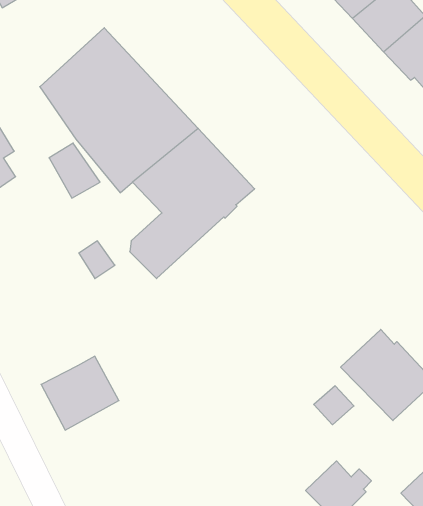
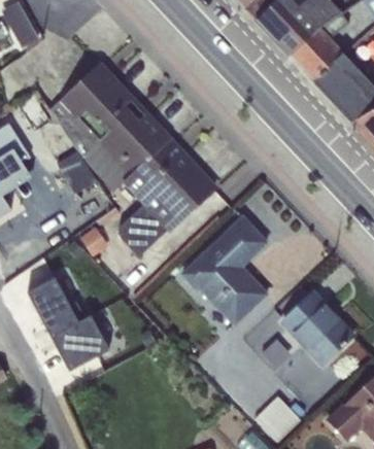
building: none -> [181,217,267,325]
building: none -> [27,277,79,337]

